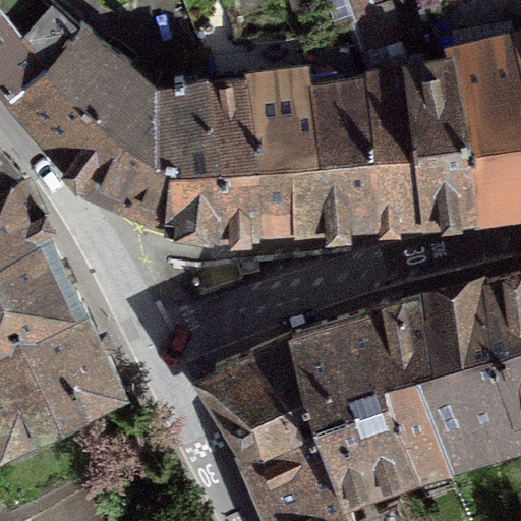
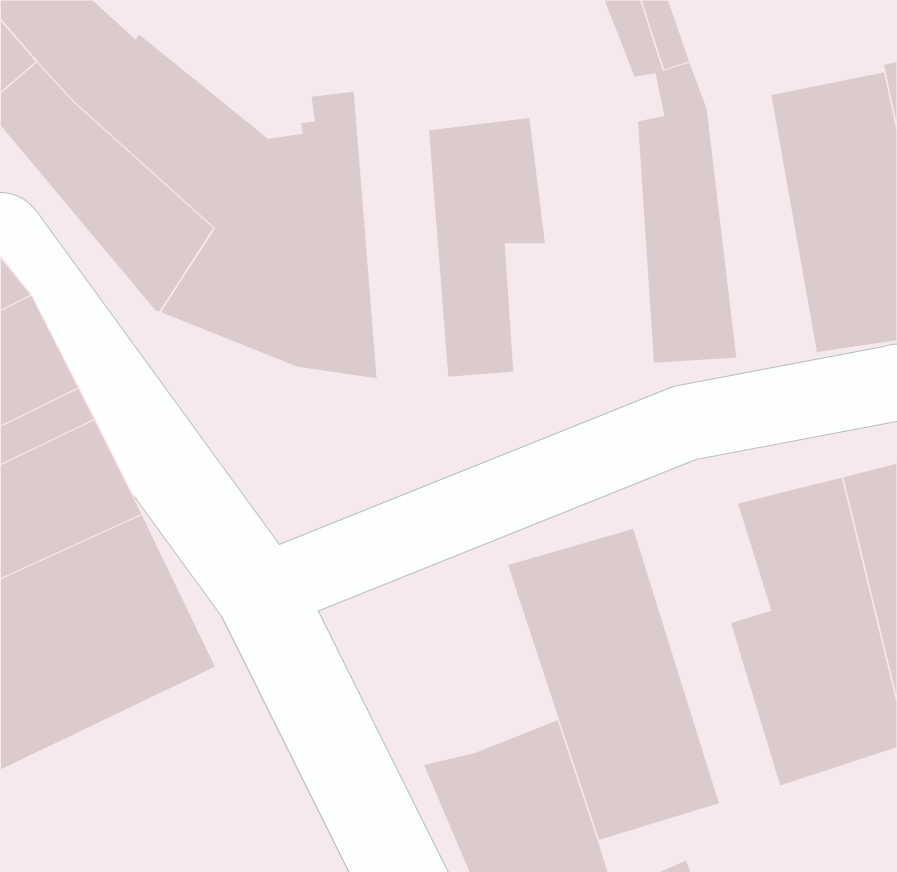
building: [410,69,473,222] -> none
building: [293,82,379,230] -> none
building: [208,90,259,234] -> none
building: [367,306,452,480] -> none
building: [210,342,324,458] -> none

